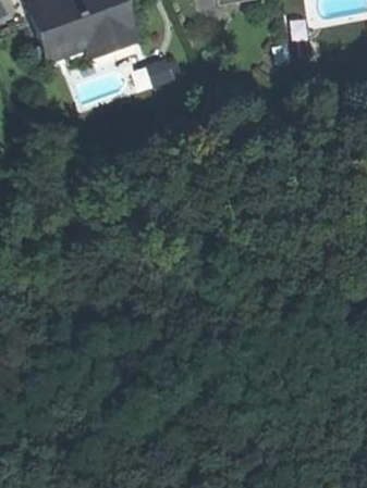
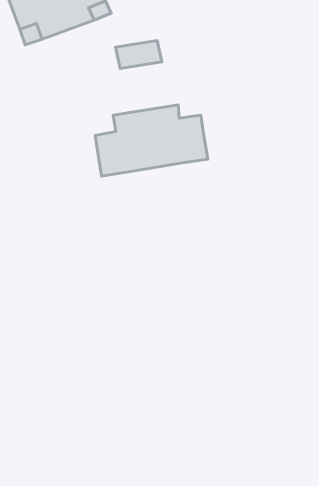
building: none -> [95,105,208,176]

